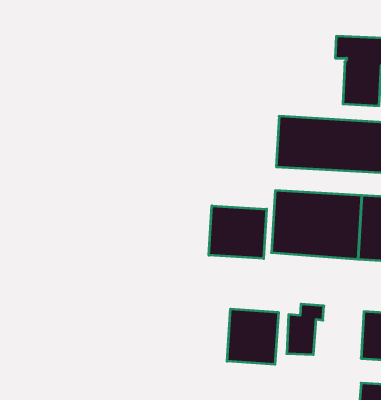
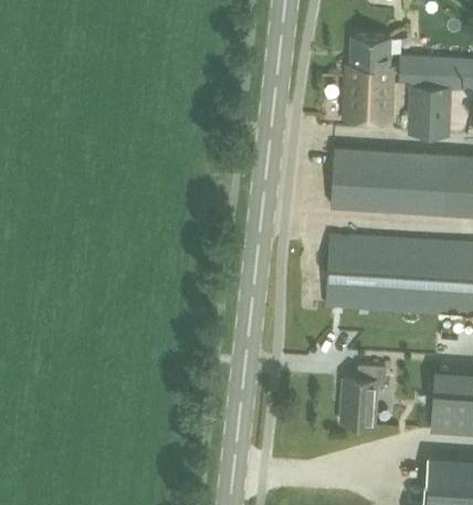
building: none -> [344,36,395,122]
building: [209,206,267,259] -> none
building: [227,309,278,364] -> none

